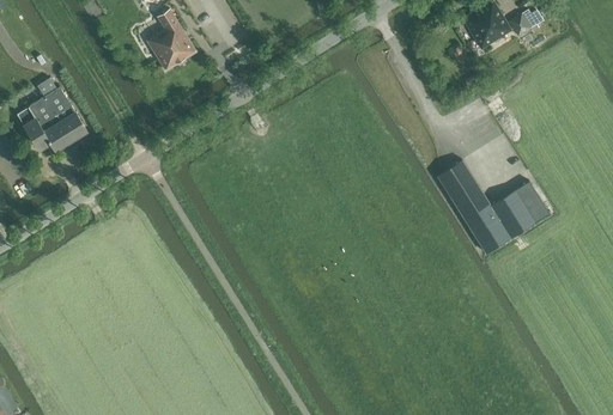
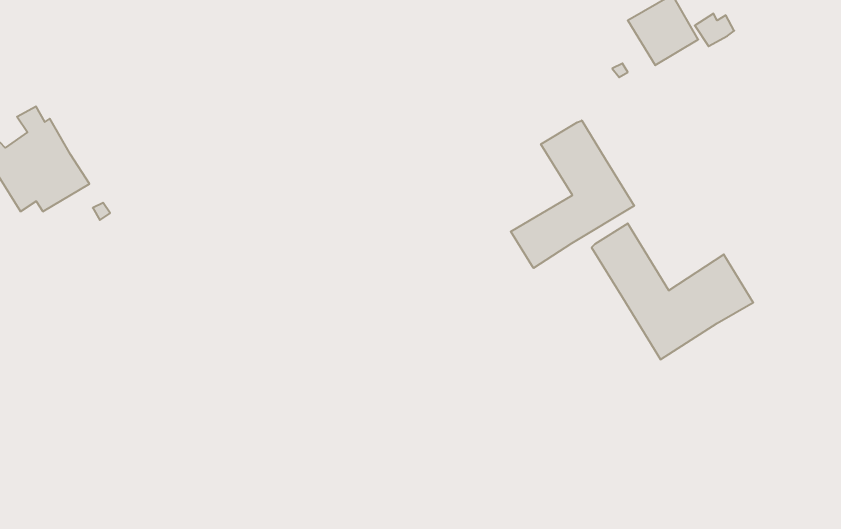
building: [147,10,196,69] -> none
building: none -> [511,120,634,268]

